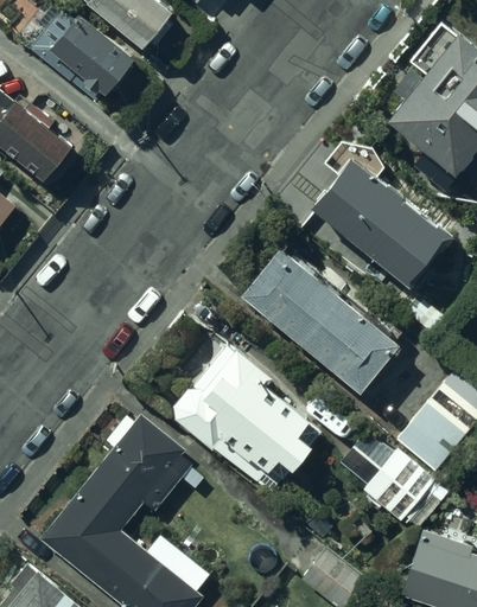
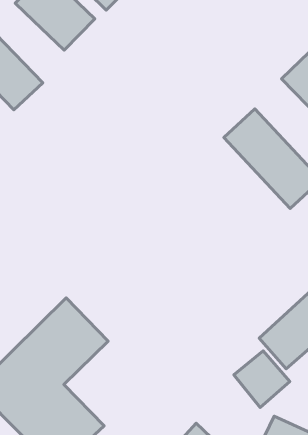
building: [236,237,396,385] -> none
building: [174,350,327,497] -> none

